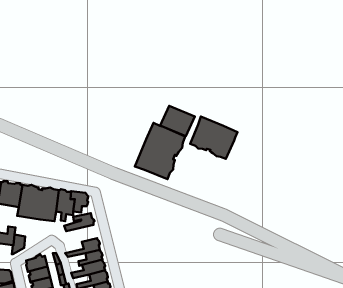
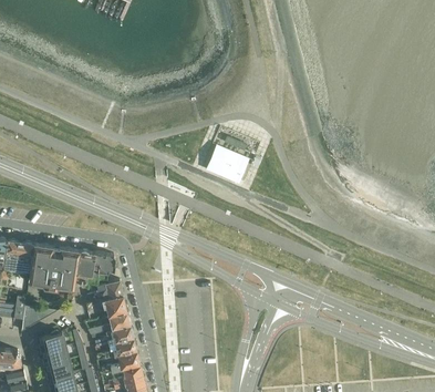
building: [190,117,237,159] -> none
building: [135,123,185,179] -> none
building: none -> [85,296,128,317]

